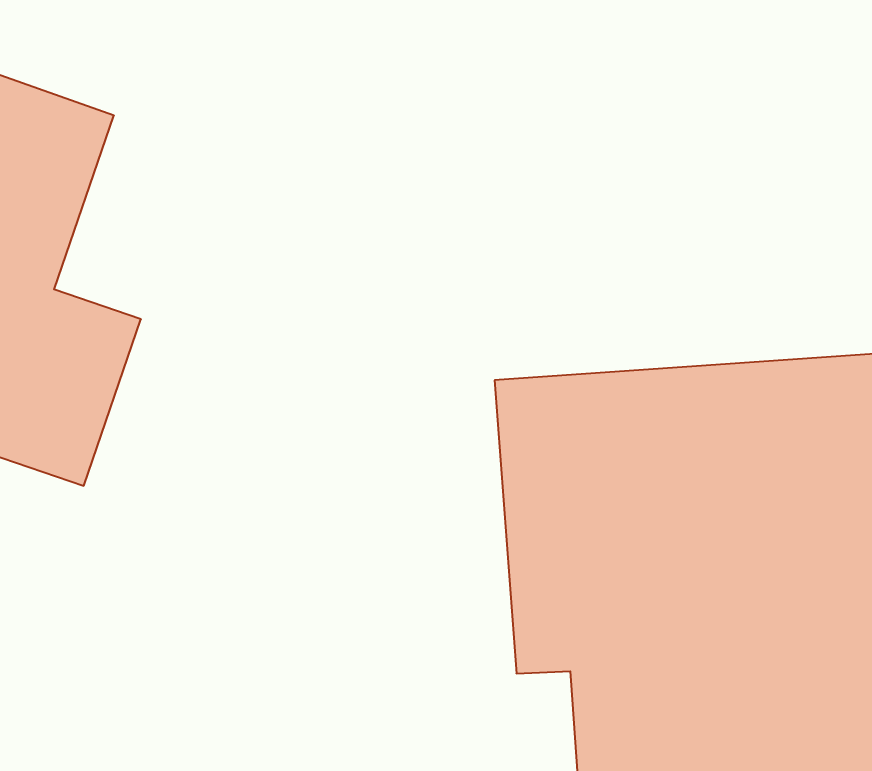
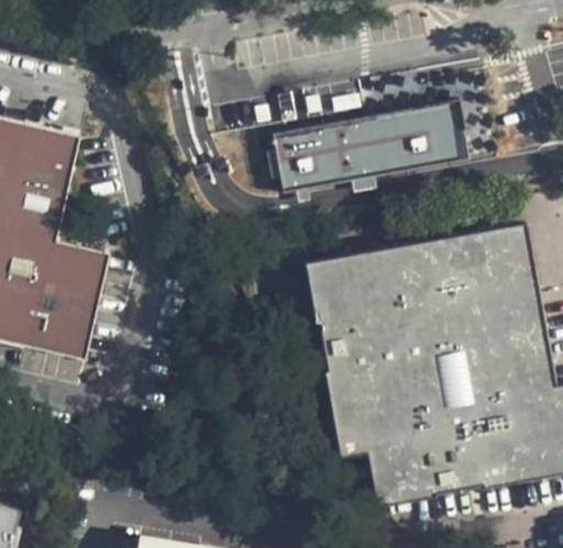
building: none -> [272,101,461,187]

